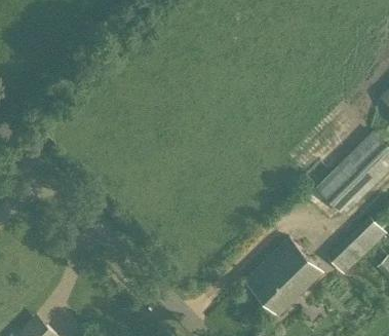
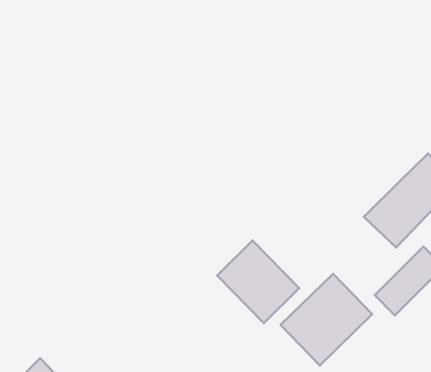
building: none -> [217,240,299,323]

